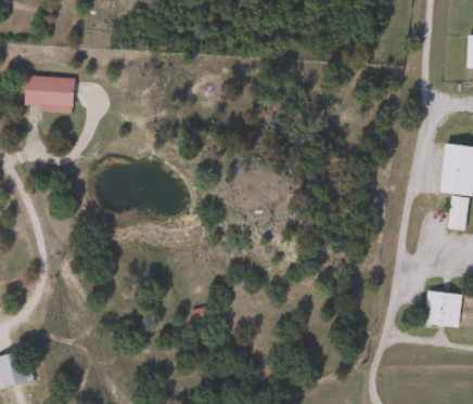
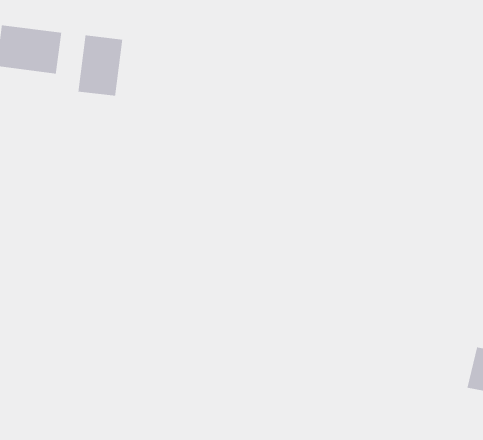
building: none -> [77,35,123,97]

